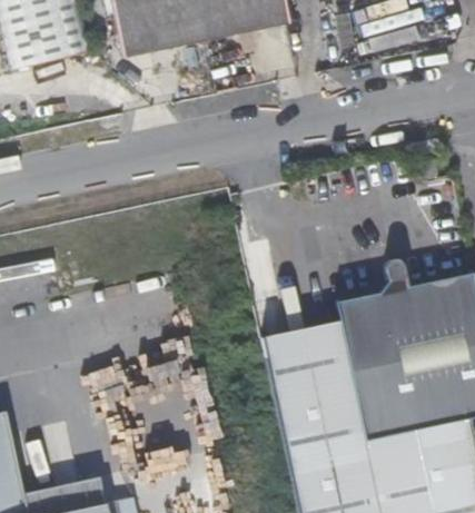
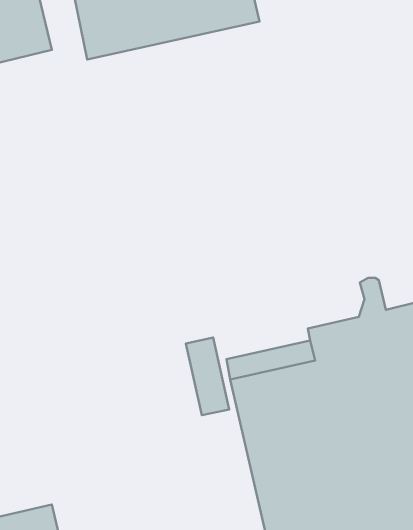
building: none -> [186,338,229,415]

